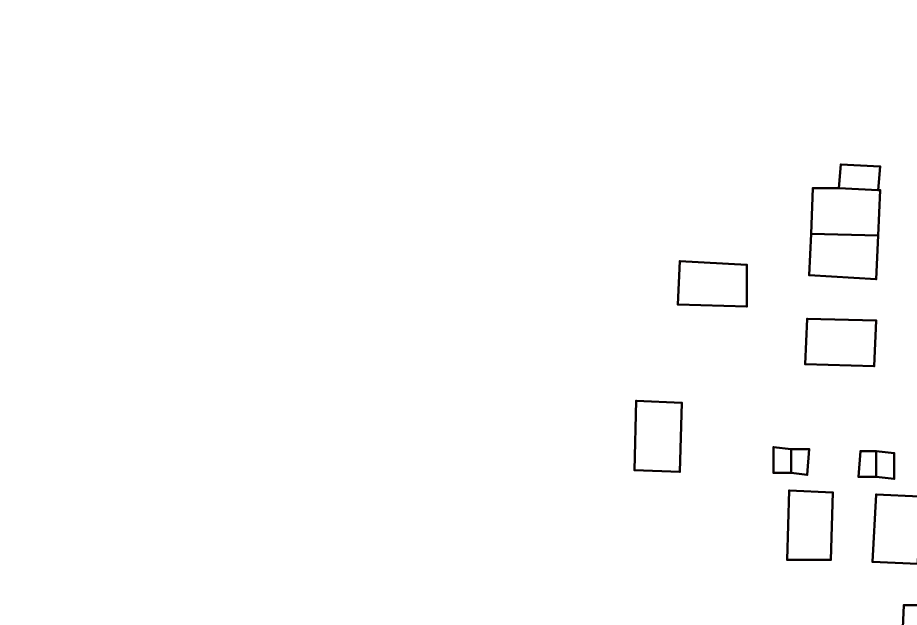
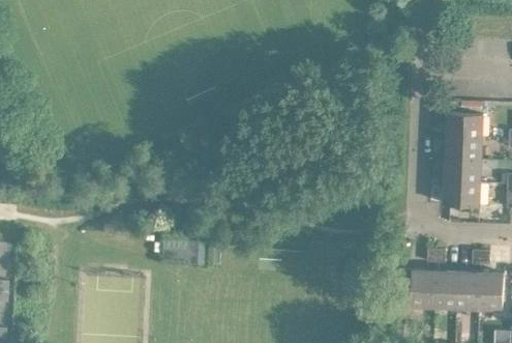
building: [678,261,747,307] -> [445,159,481,182]
building: [634,401,682,472] -> [411,270,435,308]
building: none -> [457,273,481,309]

